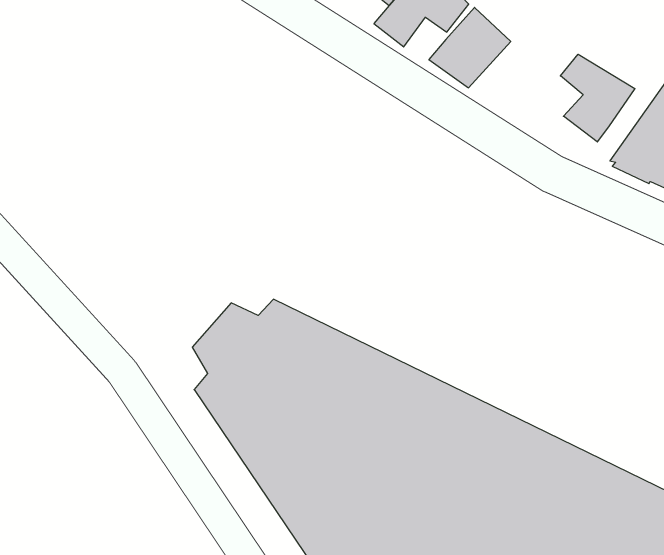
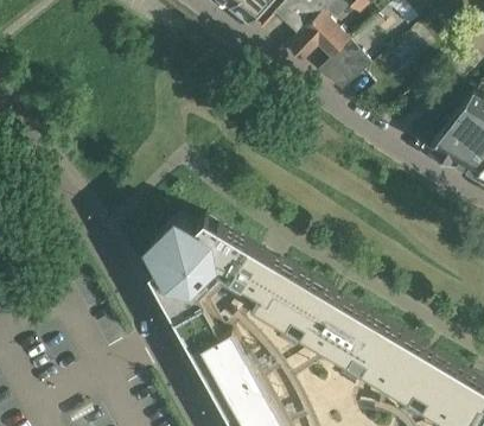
building: [560,54,635,142] -> none

